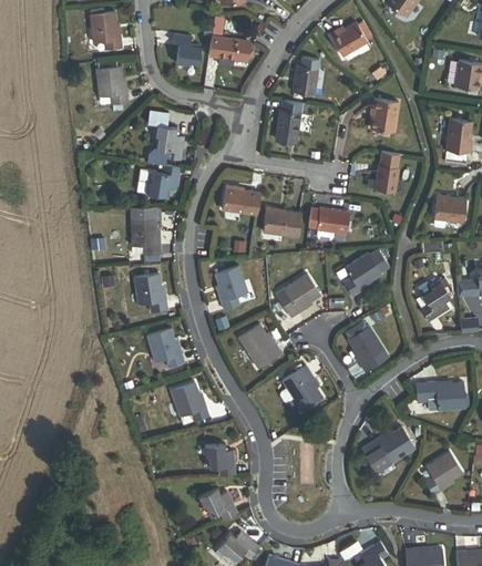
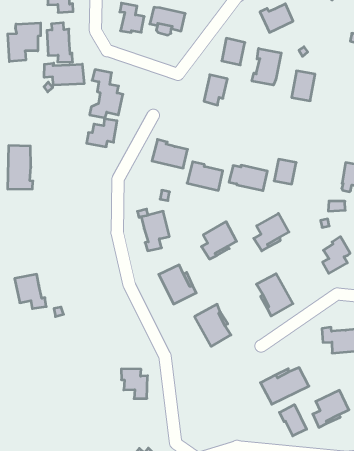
building: none -> [8,23,41,62]
building: none -> [252,48,281,85]
building: none -> [44,63,84,85]
building: [376,166,399,193] -> [274,159,296,184]
building: [131,207,161,257] -> [8,146,33,189]
building: [135,274,168,312] -> none
building: [147,328,185,367] -> [15,274,46,309]
building: [171,382,208,424] -> none
building: none -> [279,405,307,436]
building: [197,488,237,521] -> none

